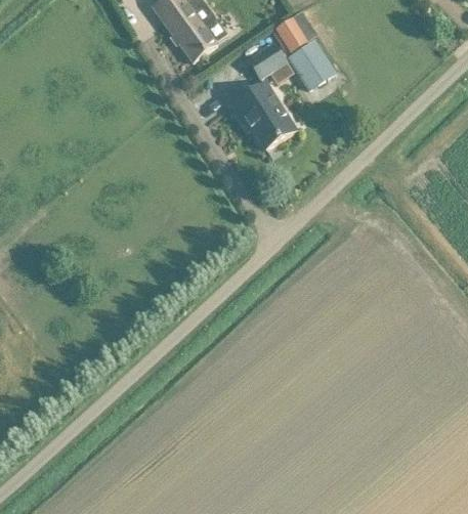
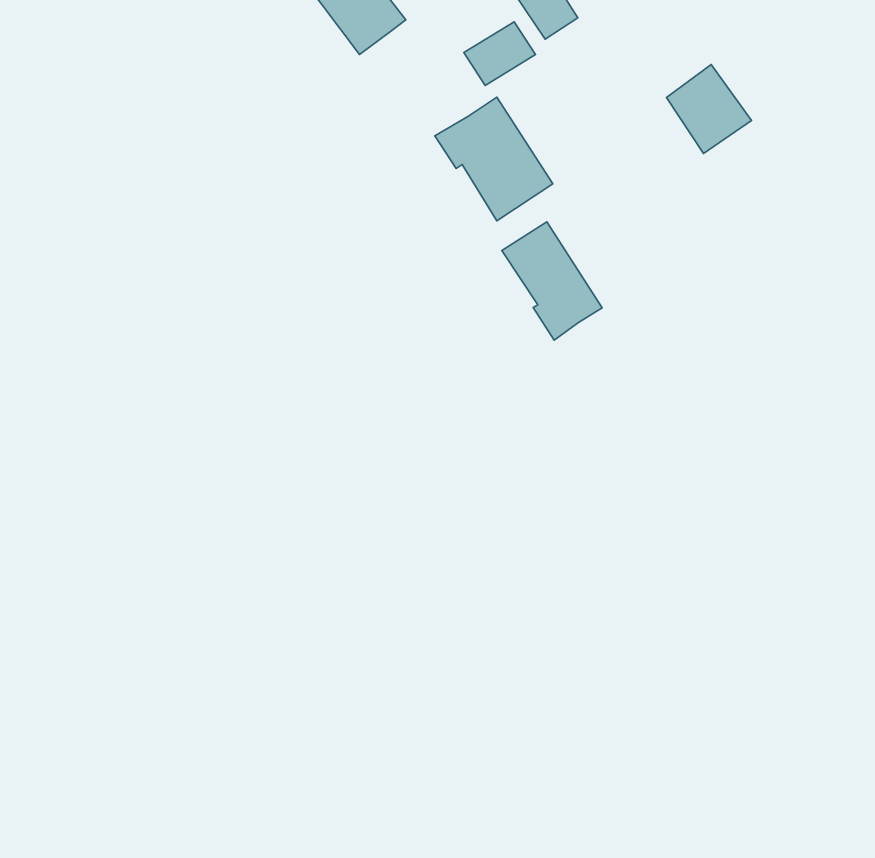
building: [291,42,336,89] -> [667,65,752,153]
building: none -> [502,222,602,340]

